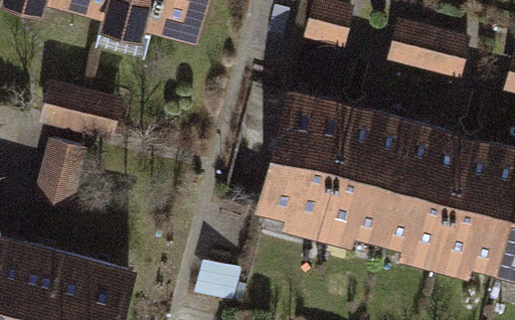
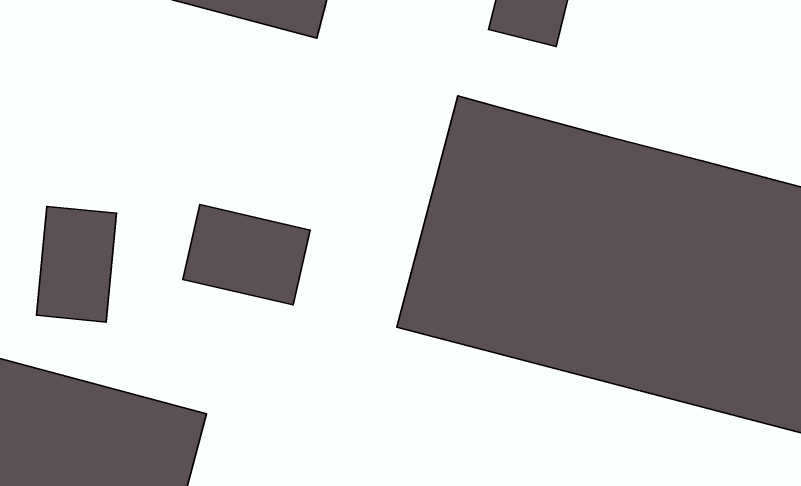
building: [388,27,469,79] -> none
building: [47,86,123,145] -> [183,205,310,305]

